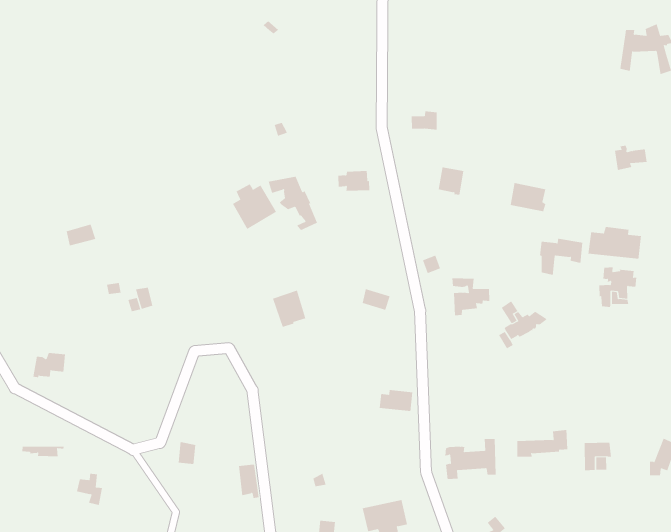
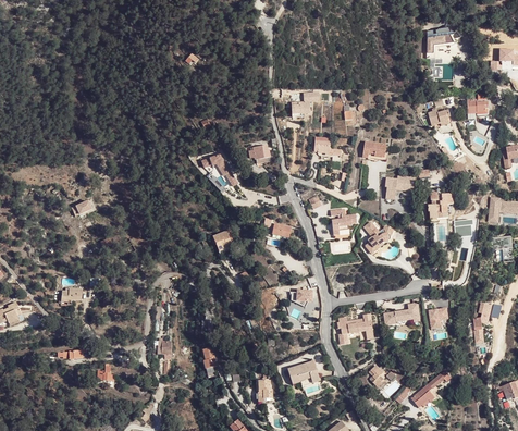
building: [232,183,277,230] -> none
building: [588,226,641,259] -> none

